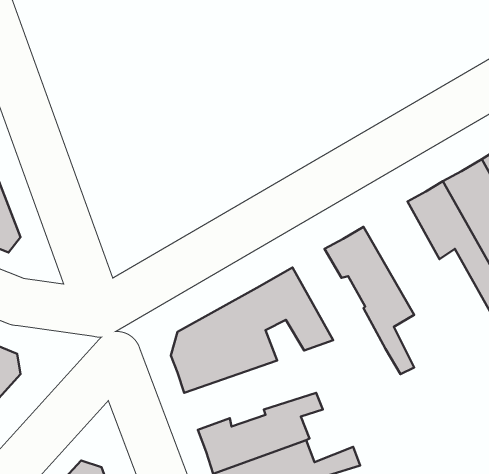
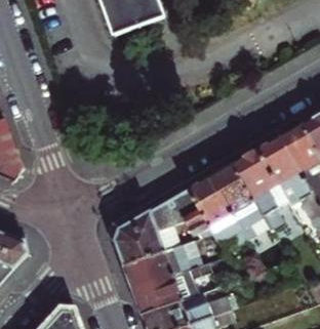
building: none -> [233,149,287,233]
building: none -> [190,177,246,243]
building: none -> [124,244,204,287]

